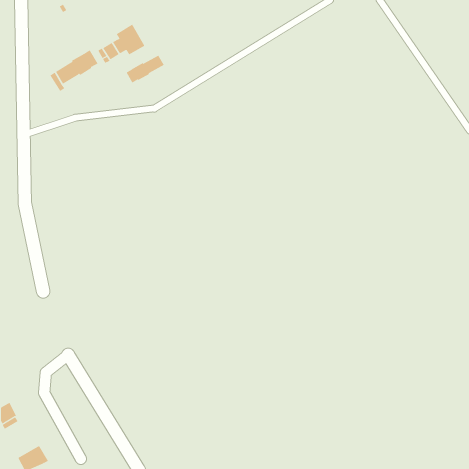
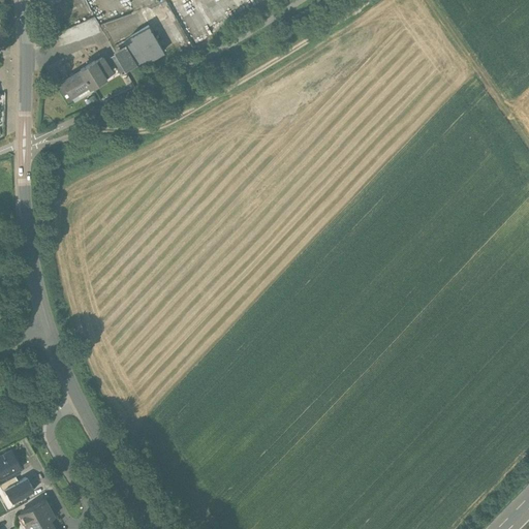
building: [126,55,165,84] -> none
building: none -> [5,478,35,504]

